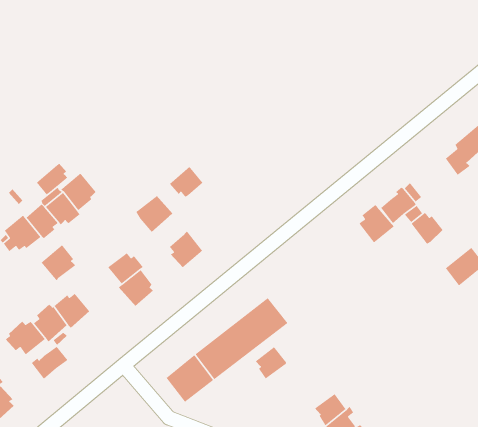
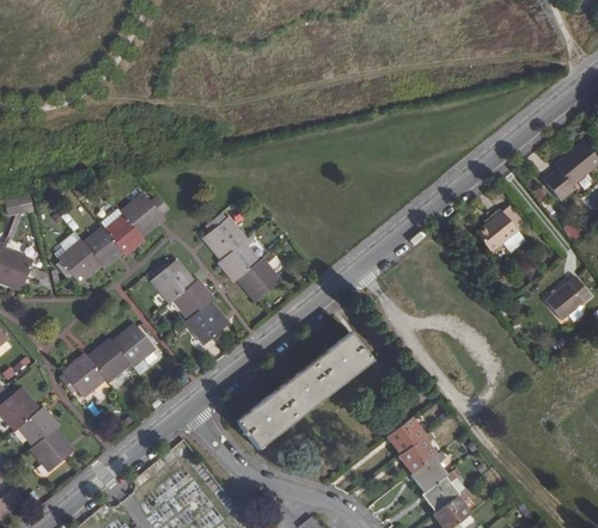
building: [36,163,68,195] -> none
building: [169,166,203,198] -> [219,242,257,278]
building: [358,204,395,244] -> none
building: [411,212,444,245] -> none
building: [41,244,76,282] -> [152,260,191,302]
building: [31,346,69,380] -> none
building: [255,346,287,380] -> [390,418,426,455]

